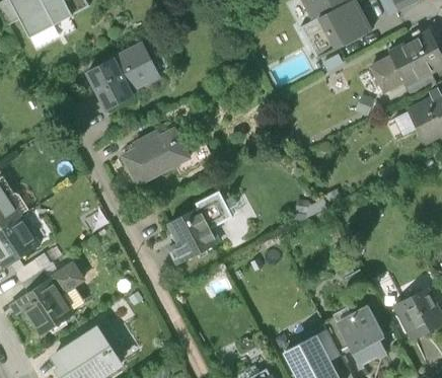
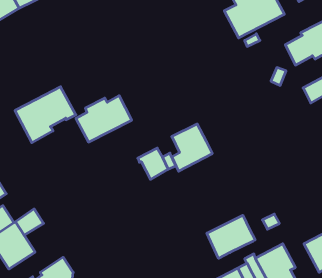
building: [85,43,158,109] -> [15,87,76,143]
building: [168,207,217,263] -> [172,124,212,171]
building: none -> [207,215,255,258]

